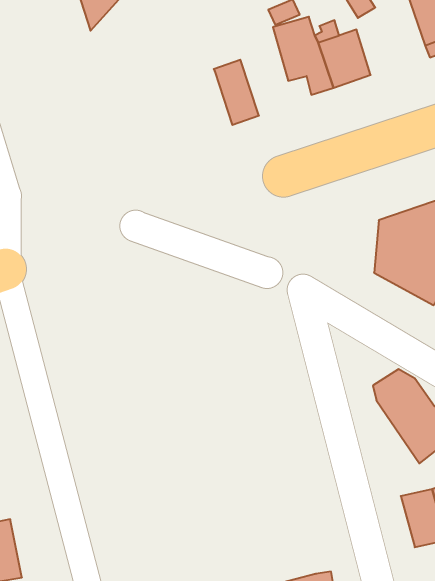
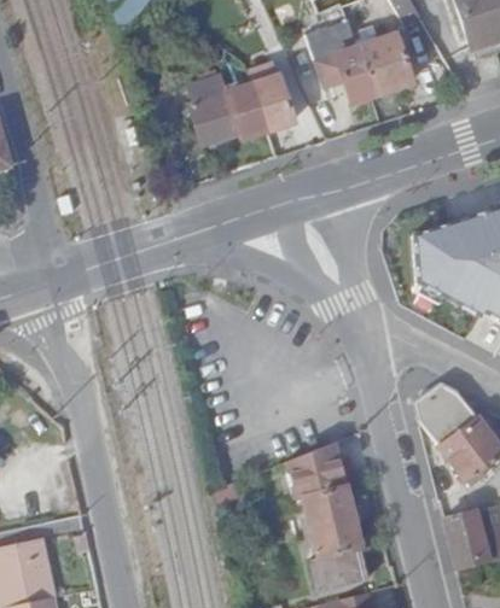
building: none -> [194,75,272,145]
building: none -> [291,460,372,595]

